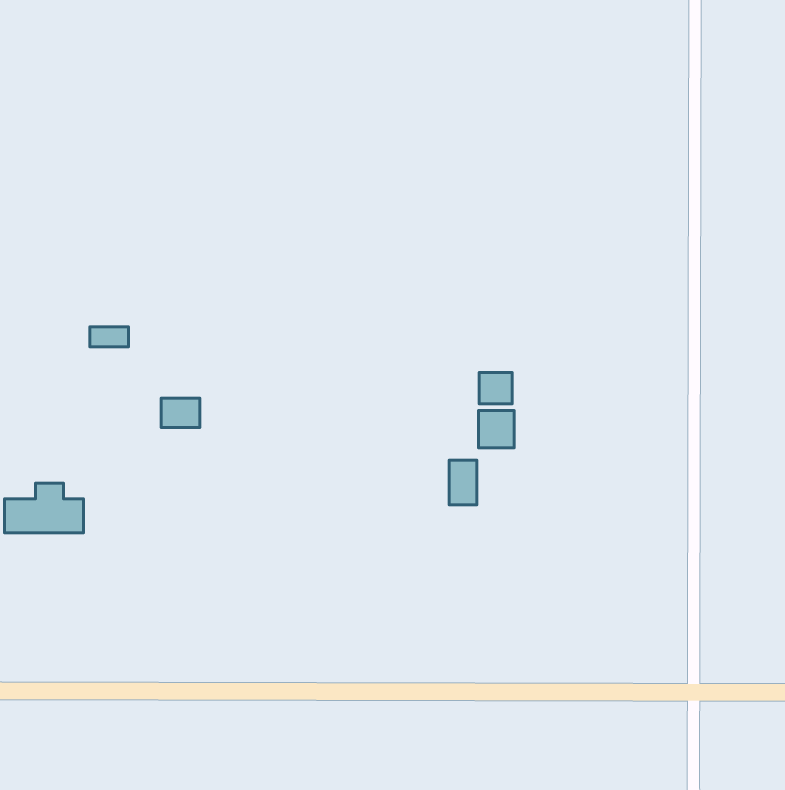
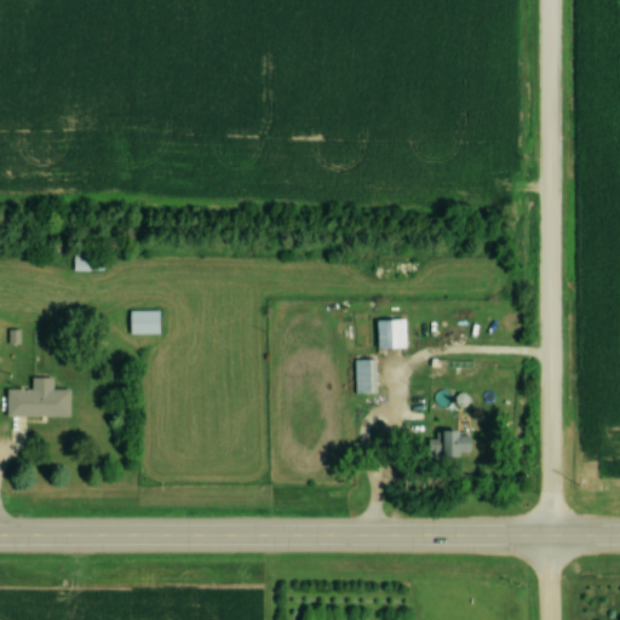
building: [479,372,512,404] -> none
building: none -> [434,432,470,460]

